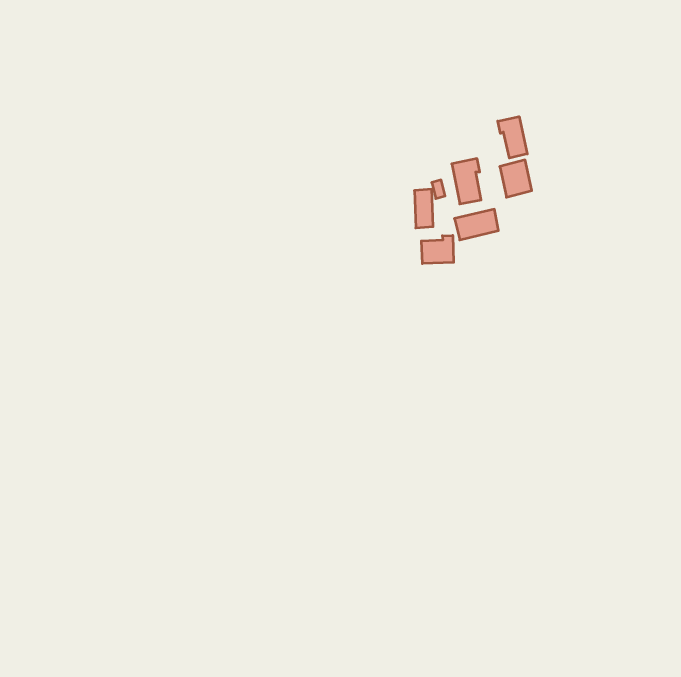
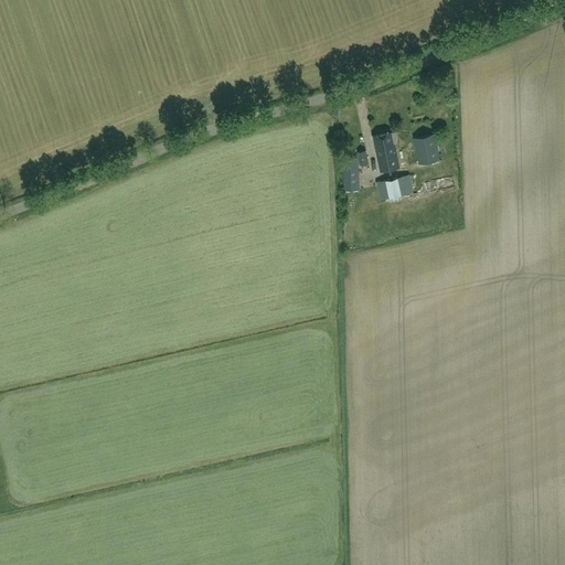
building: [498,117,527,158] -> none
building: [421,235,454,264] -> none

